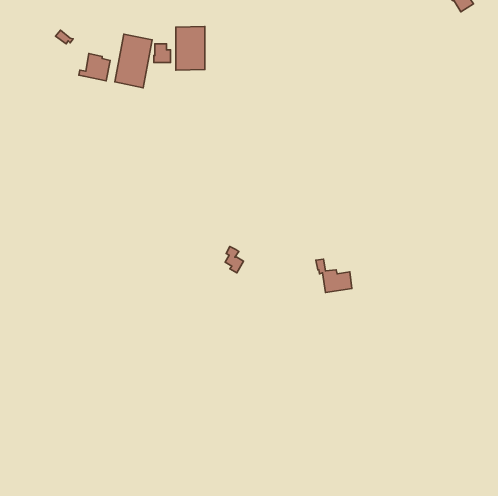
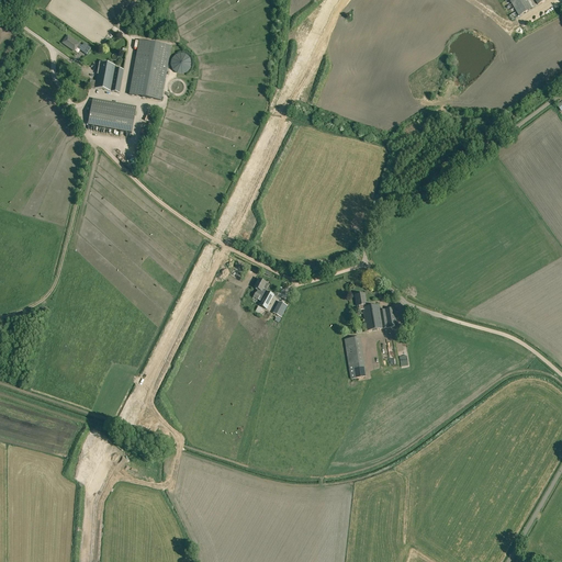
building: [176,26,205,70] -> none
building: none -> [88,101,135,131]
building: none -> [345,336,367,378]

